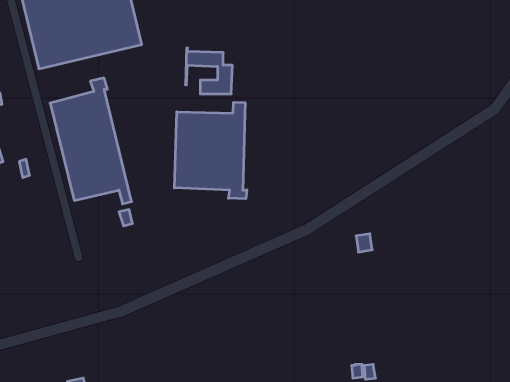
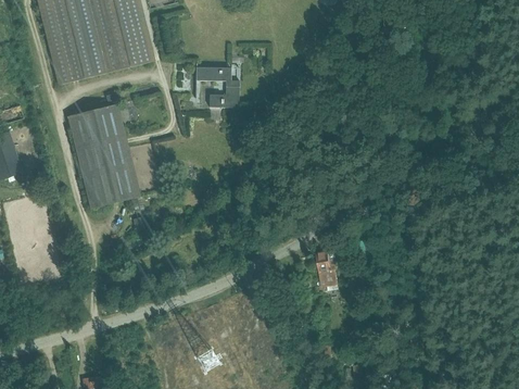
building: [174,102,247,199] -> none
building: none -> [315,252,338,292]

